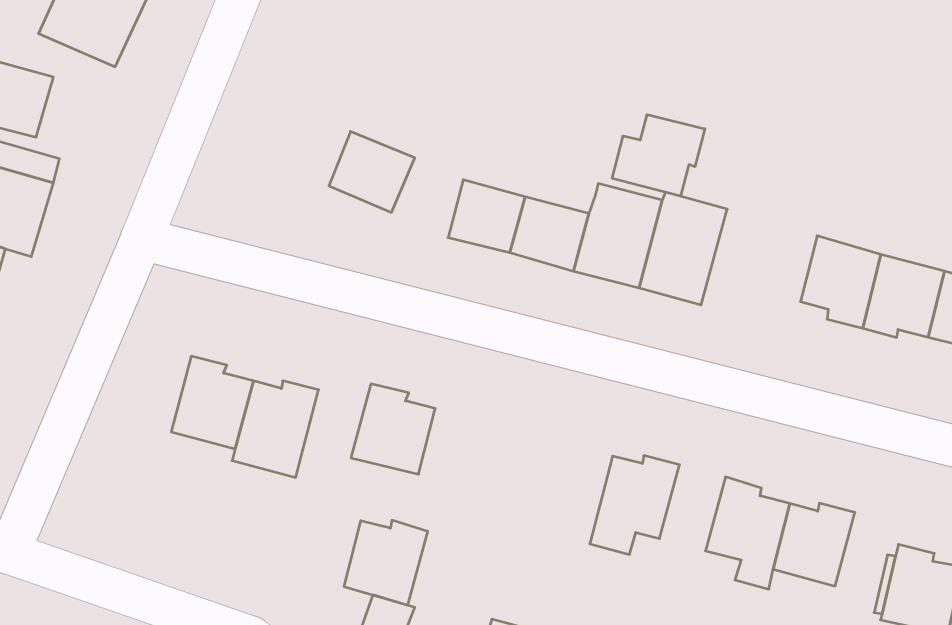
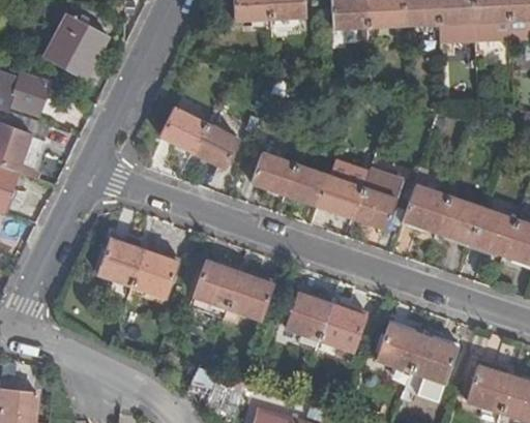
building: none -> [160,107,205,150]
building: [612,115,705,196] -> none
building: none -> [402,184,448,230]
building: none -> [286,289,331,350]
building: [344,520,428,605] -> [228,272,274,319]

